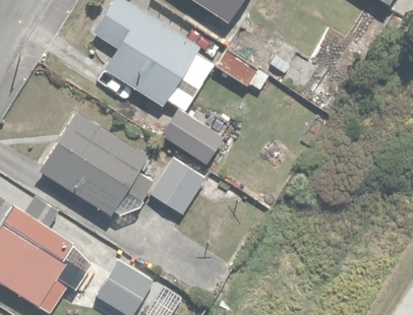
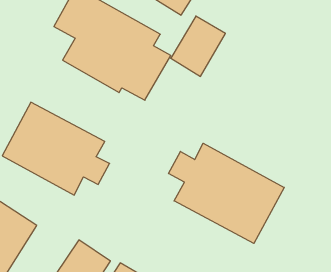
building: [161,108,225,163] -> none
building: none -> [169,143,284,243]
building: [153,161,204,214] -> none

